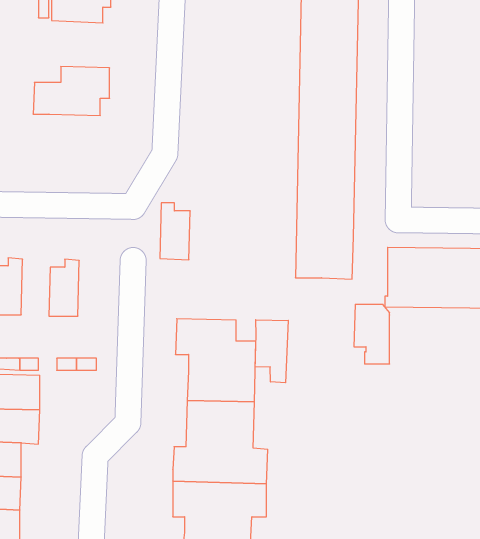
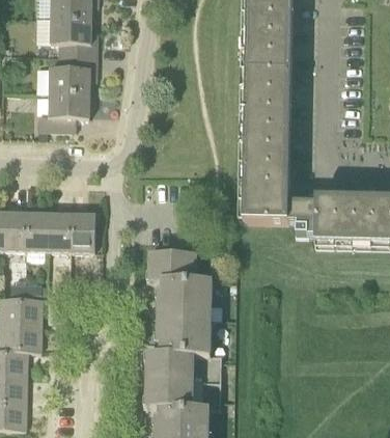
building: none -> [49,19,95,56]
building: none -> [37,92,88,131]
building: [160,203,190,260] -> [71,208,94,252]
building: none -> [25,207,49,263]
building: [354,304,390,364] -> [286,189,314,236]
building: [255,320,288,383] -> none

